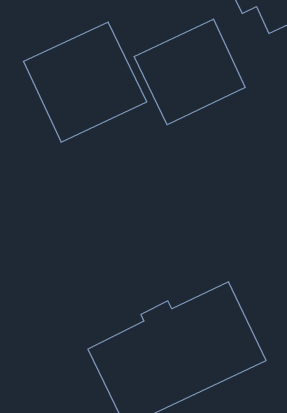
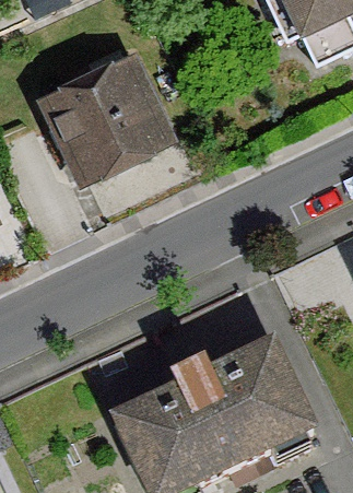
building: [134,19,245,125] -> none

